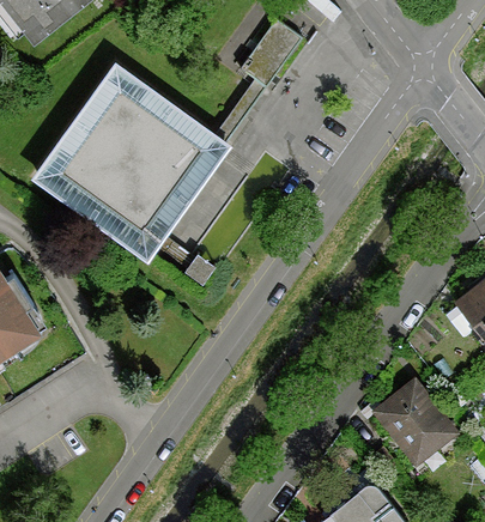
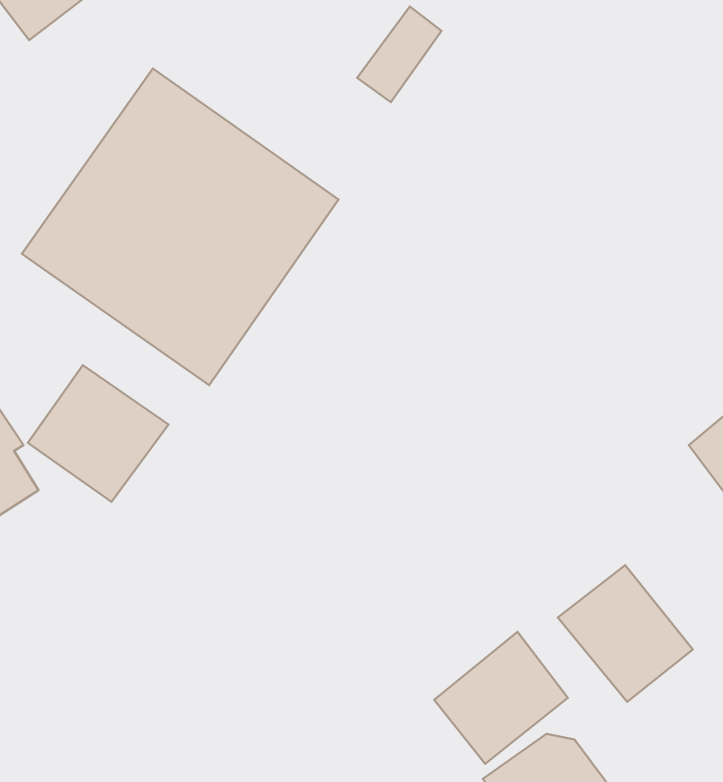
building: none -> [28,365,168,502]
building: none -> [434,632,568,764]

